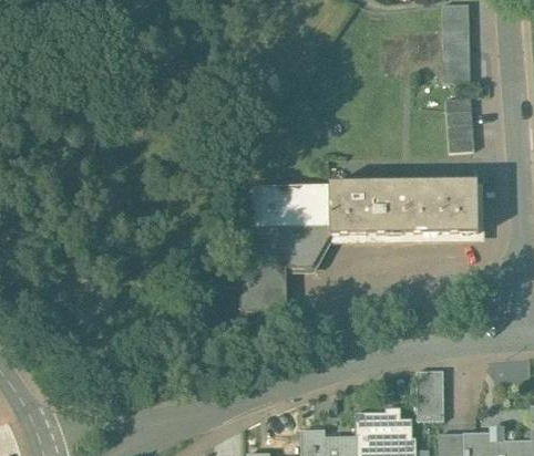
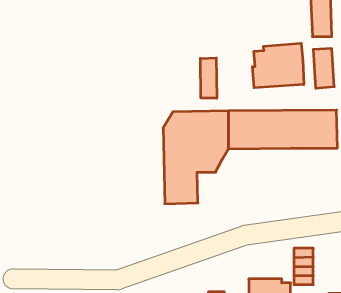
building: none -> [252,43,304,88]
building: none -> [200,58,217,98]

